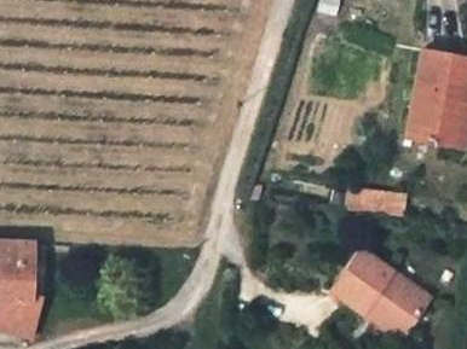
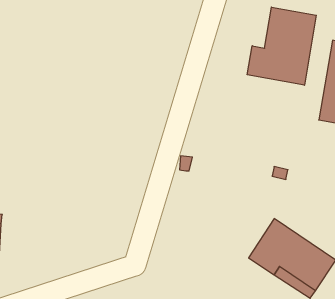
building: none -> [247,7,316,85]

